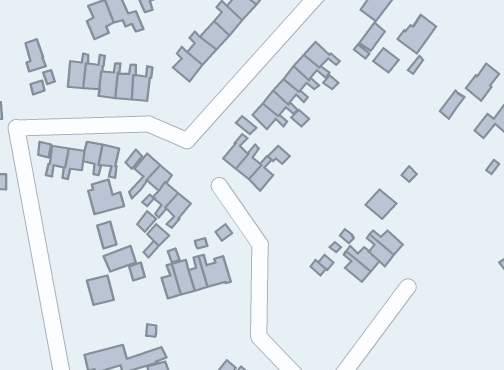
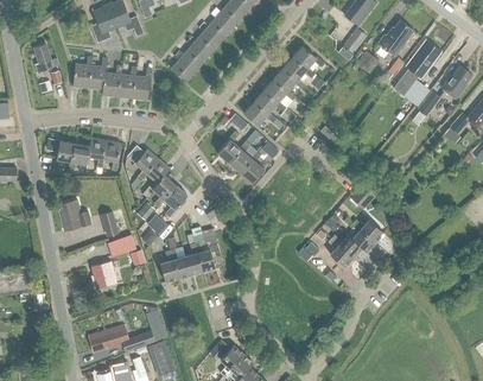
building: none -> [394,39,441,95]
building: [88,179,124,214] -> [58,198,91,230]

